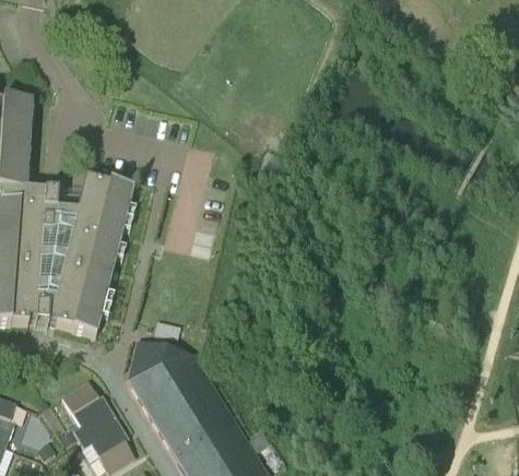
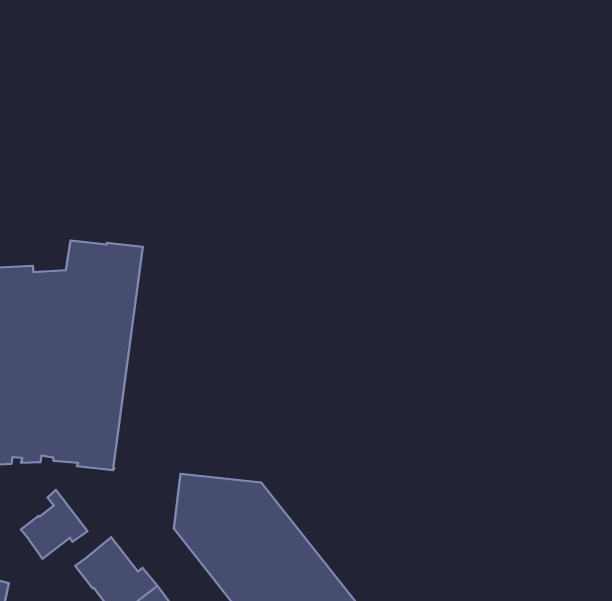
building: none -> [21,490,88,559]

